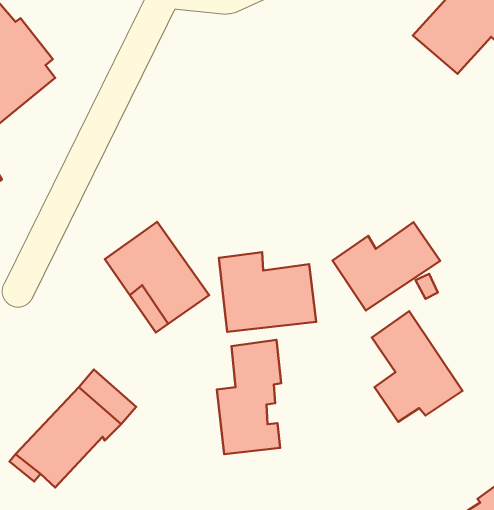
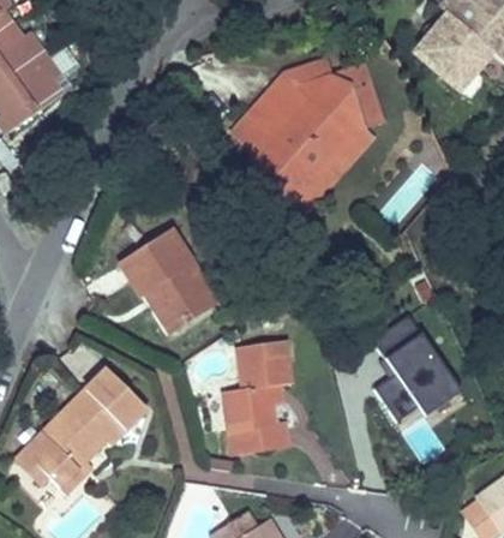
building: none -> [229,61,383,233]
building: [333,222,440,311] -> none
building: [219,252,316,332] -> none

